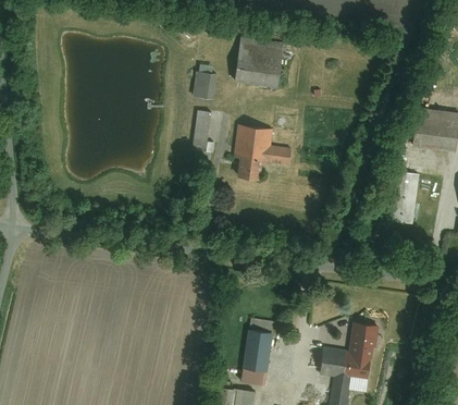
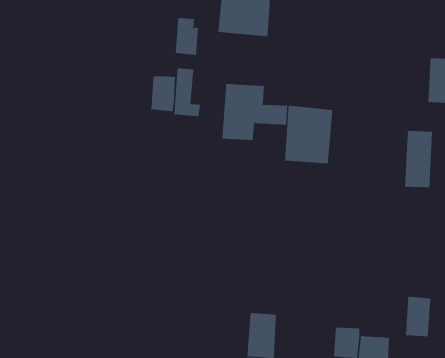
building: none -> [151,75,175,112]
building: none -> [284,105,333,164]
building: [350,320,375,357] -> [405,296,431,337]

